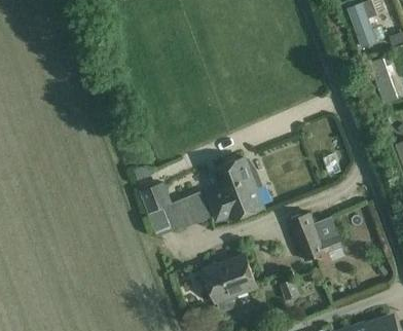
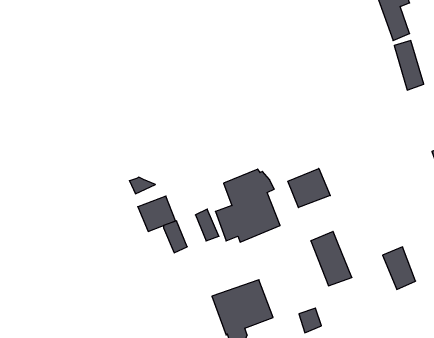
building: none -> [288,168,330,208]
building: [315,217,343,254] -> [383,247,416,289]

